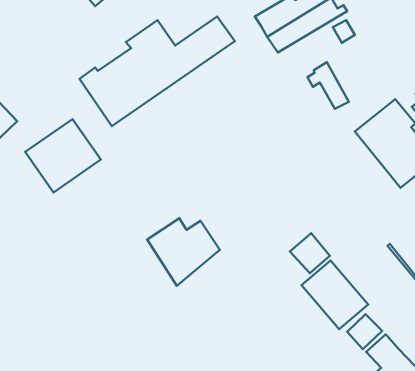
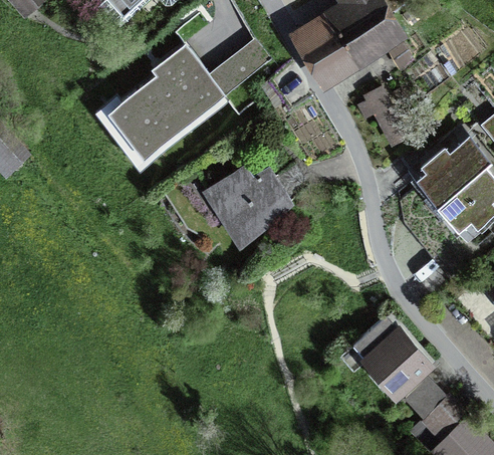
building: [25,119,101,192] -> none
building: [147,218,220,286] -> [206,168,289,245]
building: [290,233,330,273] -> none

